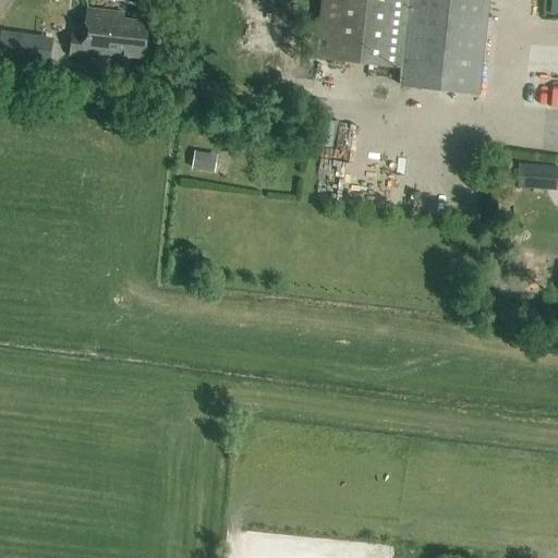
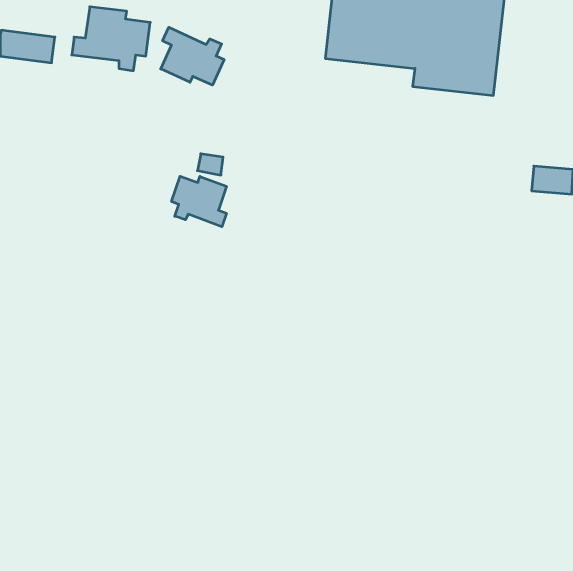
building: none -> [161,27,224,85]
building: none -> [172,176,226,227]

